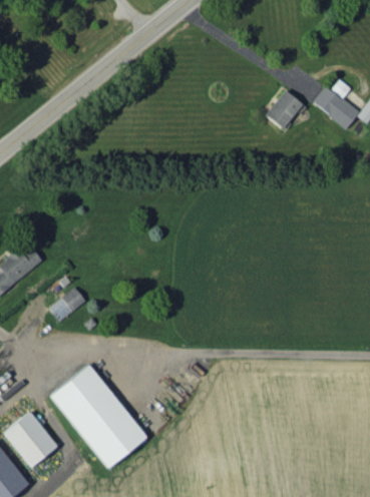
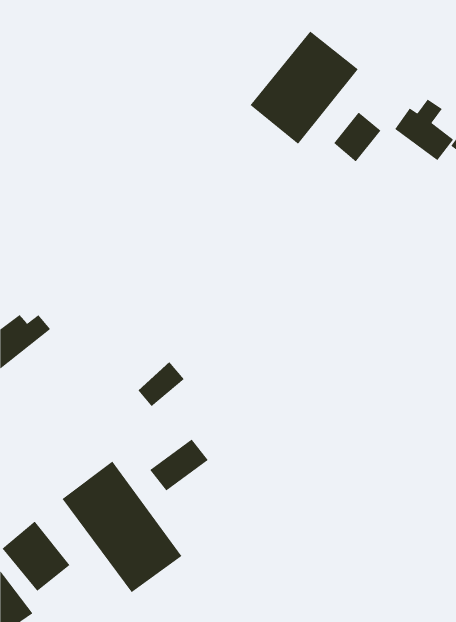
building: none -> [249,30,359,145]
building: [49,286,86,322] -> [138,361,185,407]
building: none -> [149,438,209,491]

